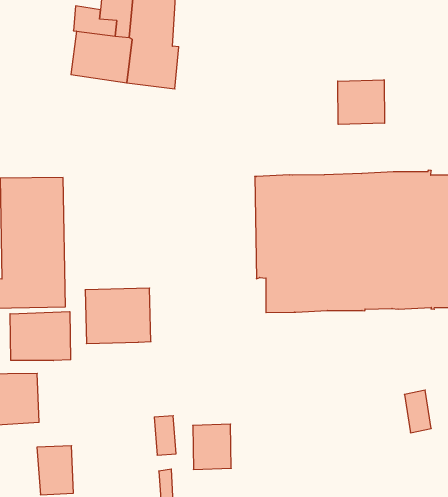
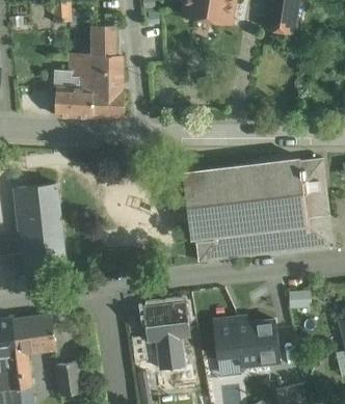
building: [338,80,385,124] -> none
building: [85,288,151,344] -> [143,300,190,341]
building: [10,312,71,361] -> none
building: none -> [213,317,280,365]

